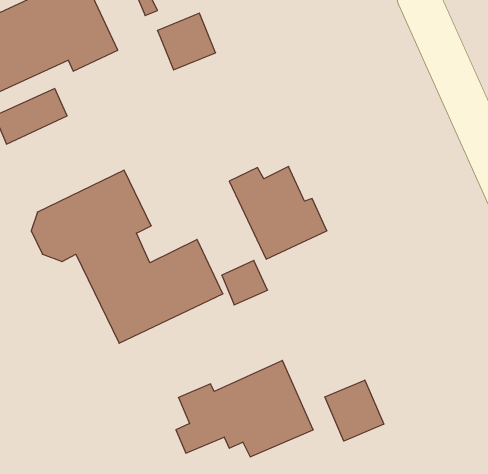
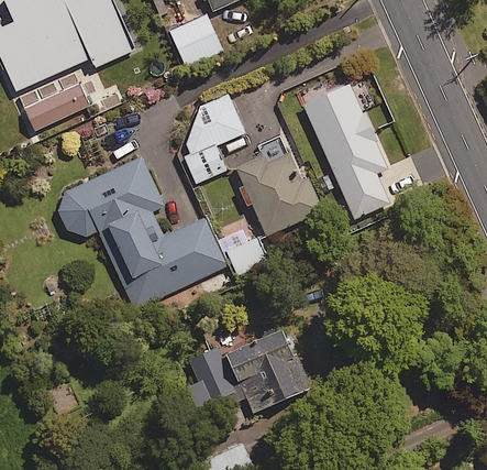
building: none -> [299,78,394,223]
building: none -> [175,96,244,184]
building: [325,380,384,441] -> none

